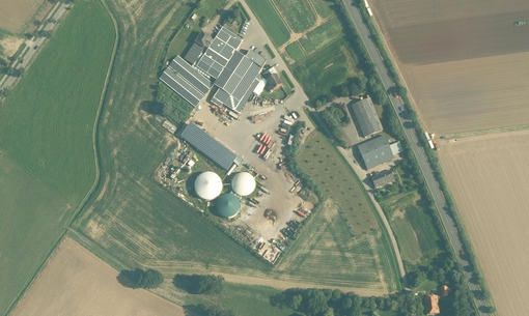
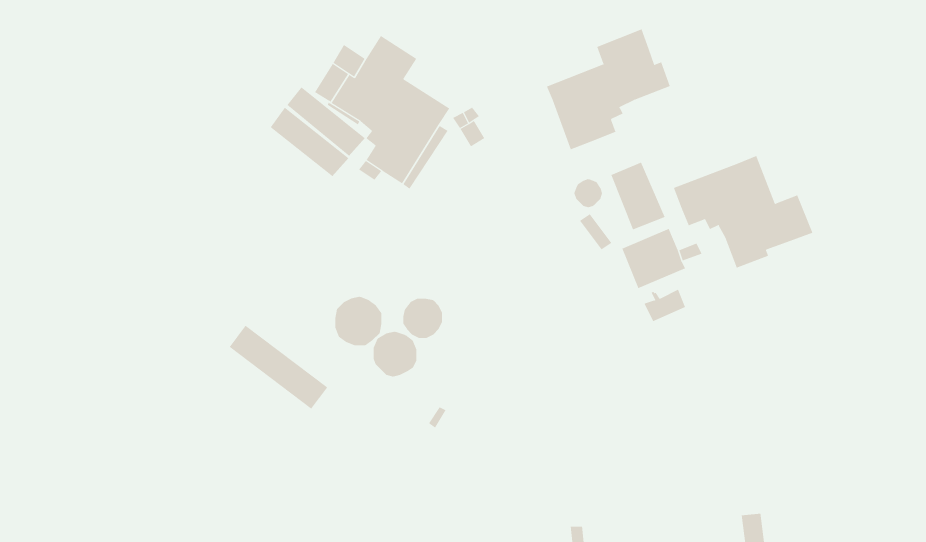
building: none -> [546,28,671,150]
building: none -> [673,155,813,268]
building: [182,123,238,171] -> [229,325,328,409]

